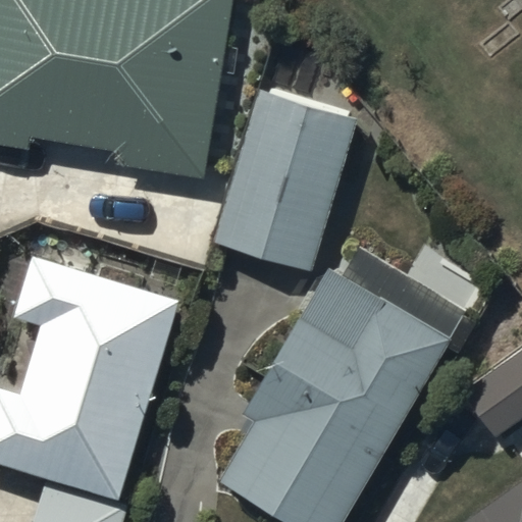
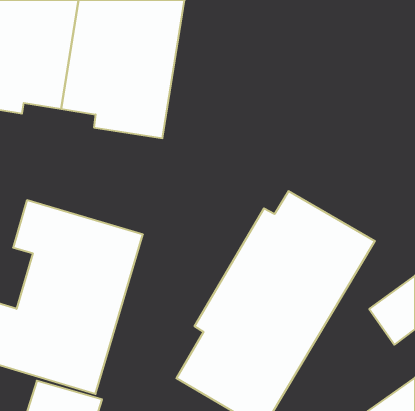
building: [213,91,358,272] -> none

